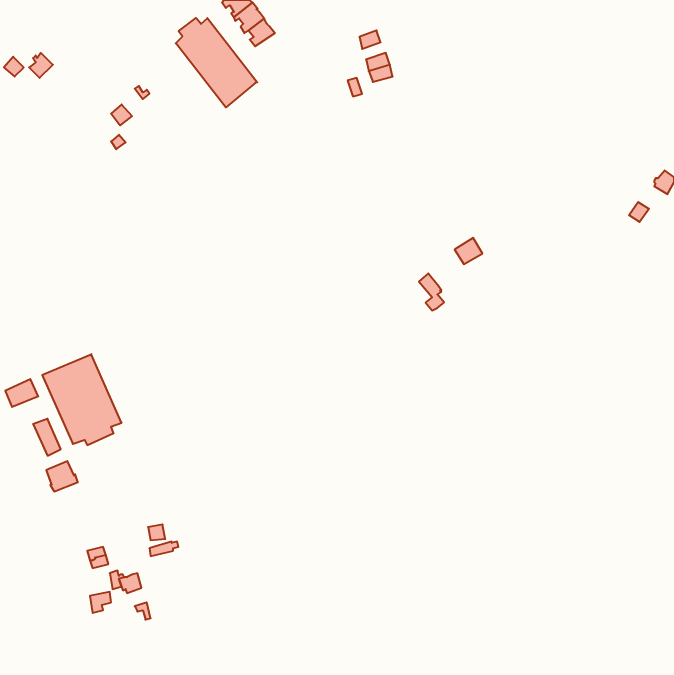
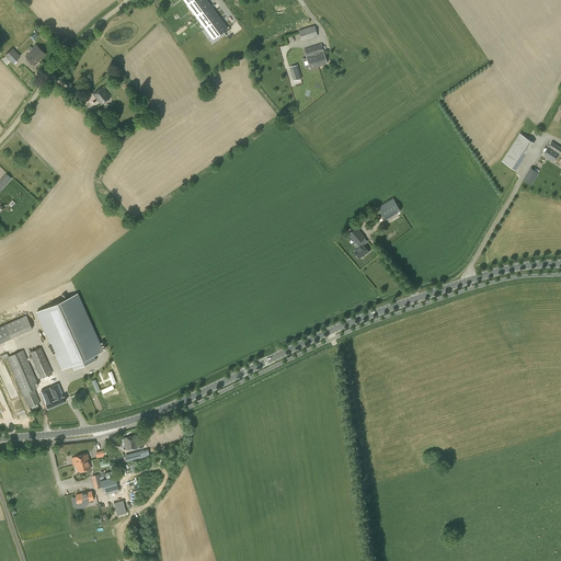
building: [176,18,257,107] -> none
building: none -> [501,133,533,169]
building: none -> [5,350,39,408]

